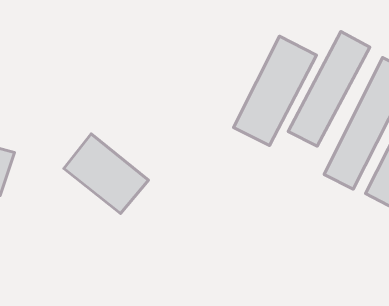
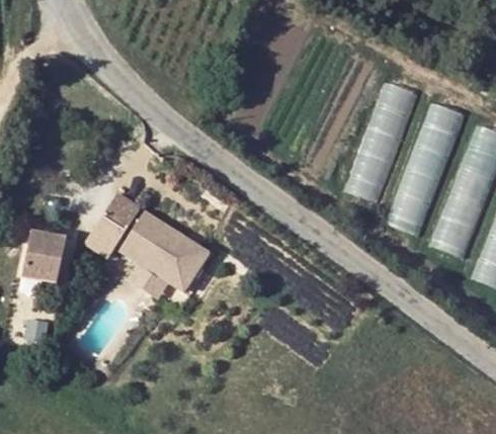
building: [233,36,316,145] -> none
building: none -> [84,191,139,255]

